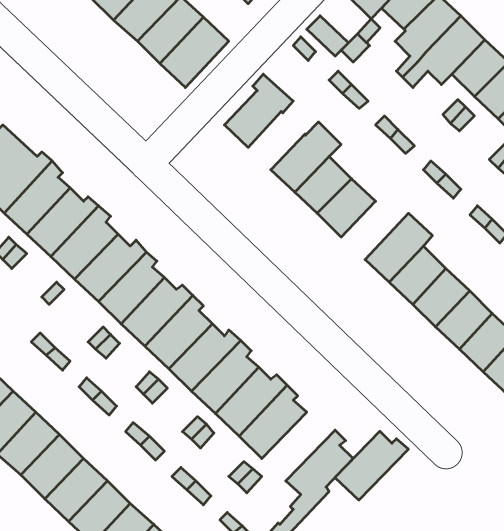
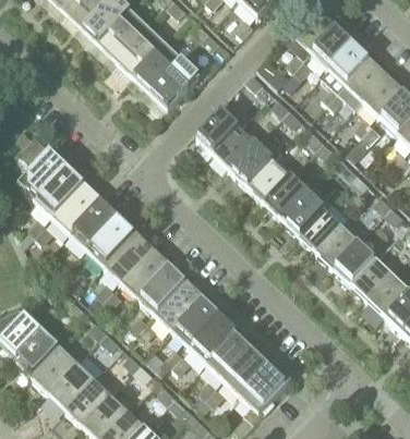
building: none -> [215,127,256,170]
building: none -> [282,185,331,235]
building: [335,431,408,500] -> [225,346,278,397]

